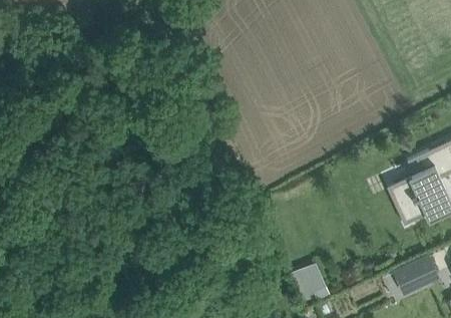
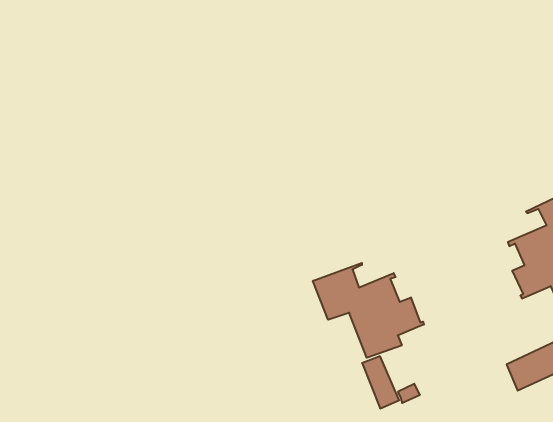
building: none -> [313,263,424,358]

